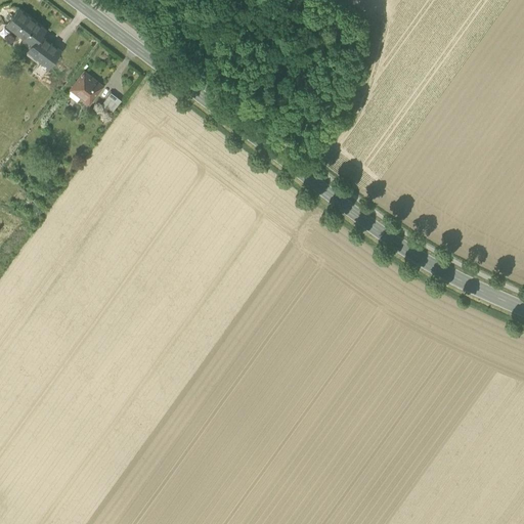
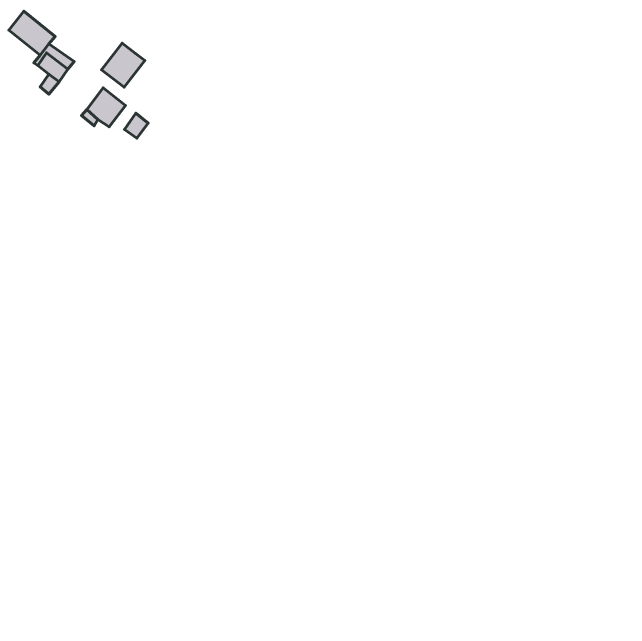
building: none -> [102,43,145,87]

